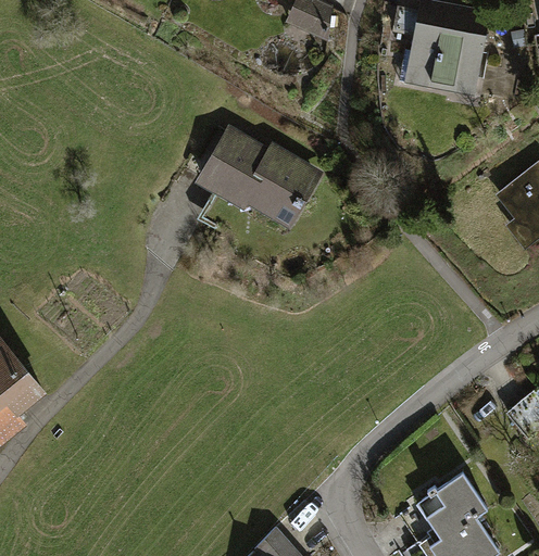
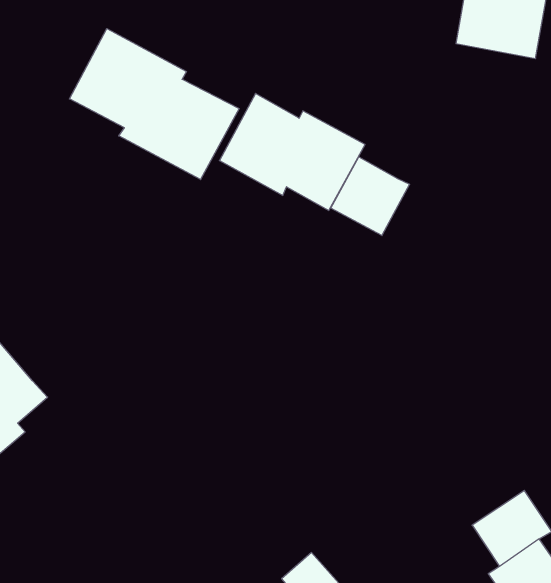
building: none -> [69,29,239,180]
building: none -> [331,157,410,236]

